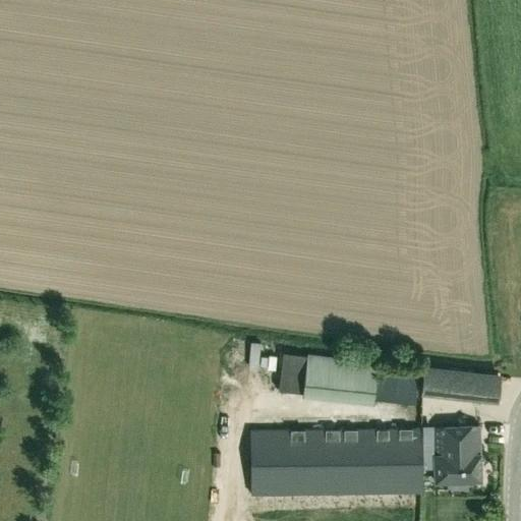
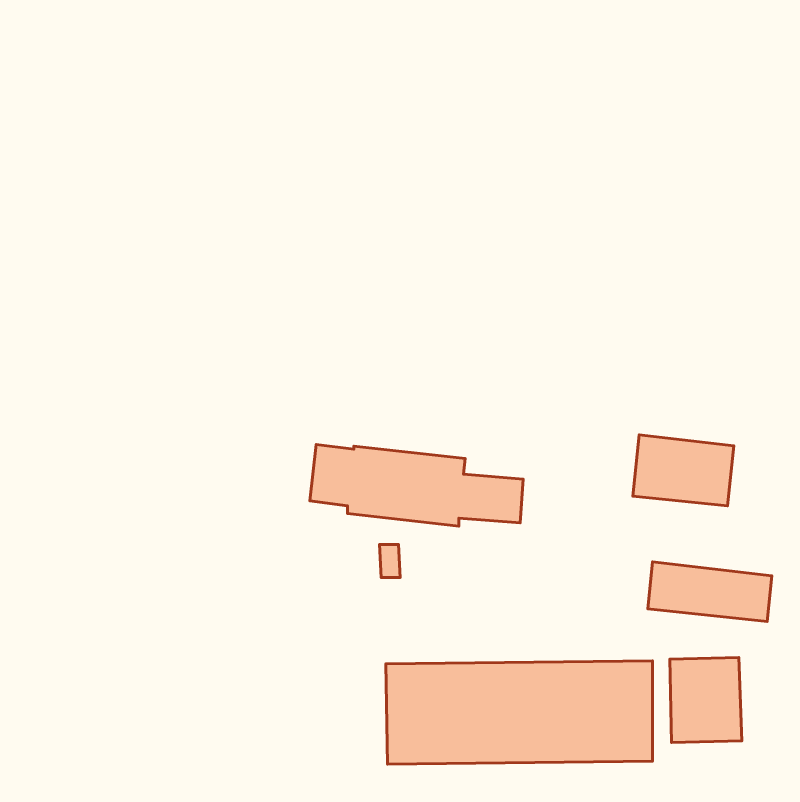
building: none -> [633,435,734,506]
building: [280,353,418,406] -> [310,444,523,526]

